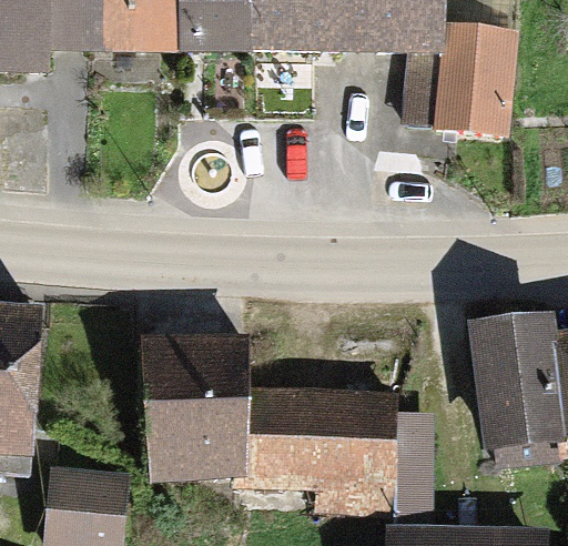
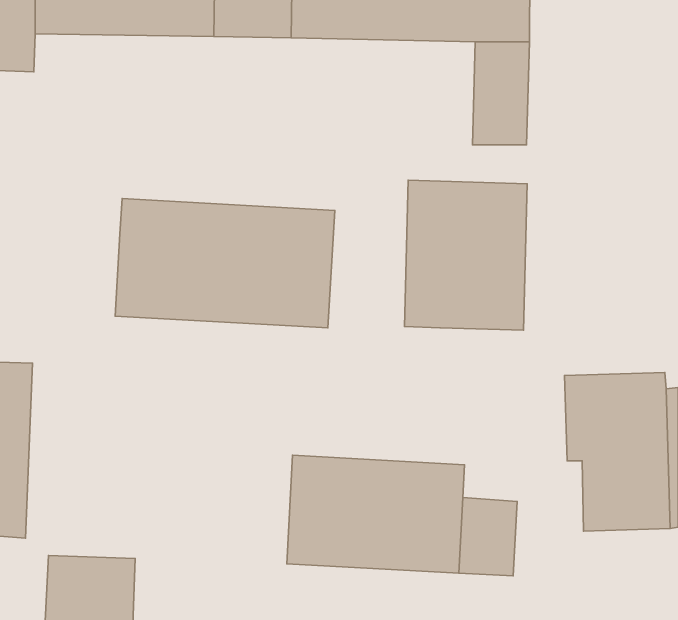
building: [443,31,508,138] -> none
building: none -> [404,180,527,330]
building: none -> [115,199,335,328]
building: [144,341,253,479] -> none

